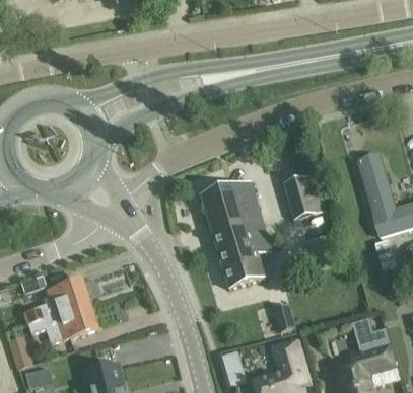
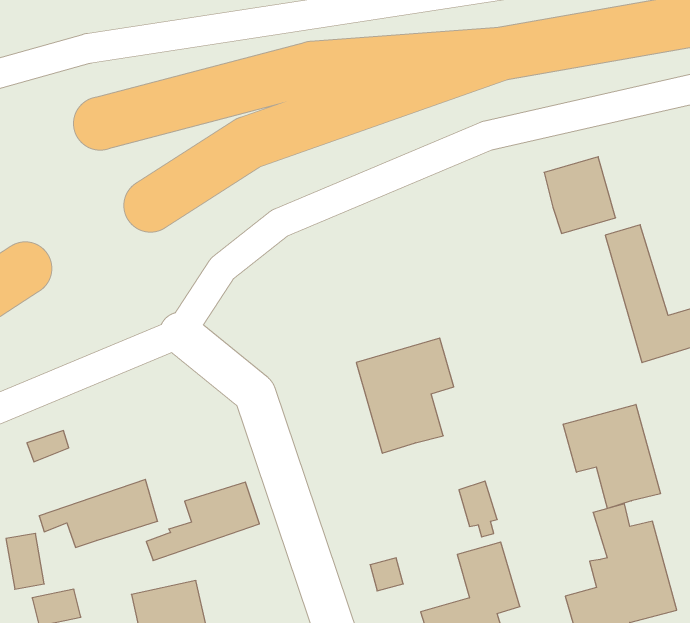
building: [283,172,325,217] -> [544,157,616,233]
building: [200,178,261,234] -> none
building: none -> [563,404,660,508]
building: [23,278,89,323] -> [146,482,259,561]

